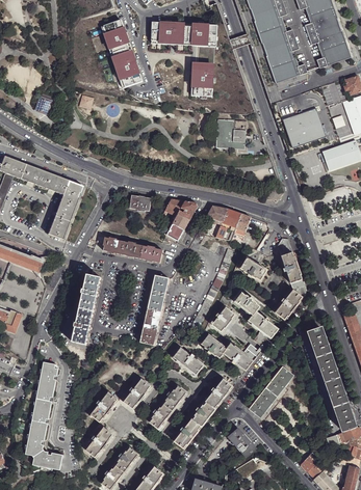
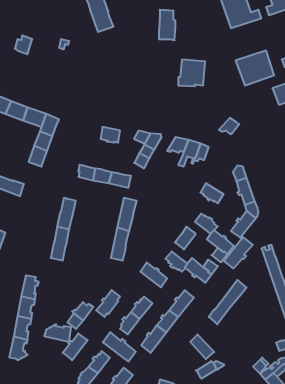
building: none -> [224,237,253,268]
building: none -> [103,332,136,362]
building: [32,451,62,470] -> [44,324,71,342]

